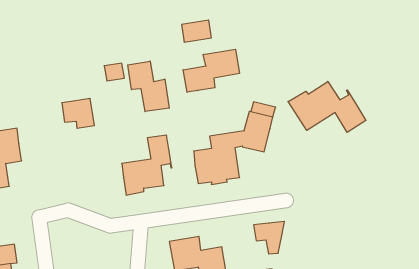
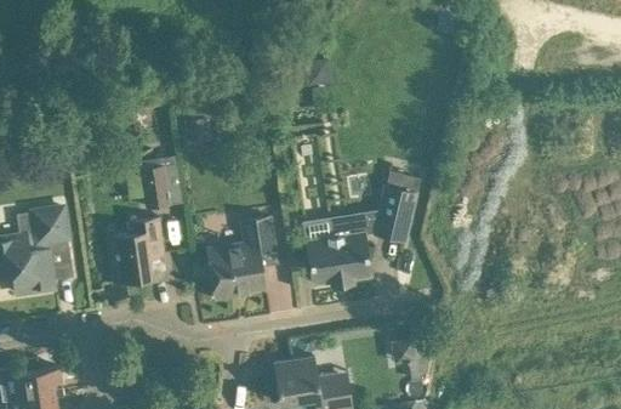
building: [183,49,239,92] -> none
building: [128,61,169,112] -> none
building: [288,81,366,132] -> none
building: none -> [108,218,164,283]

